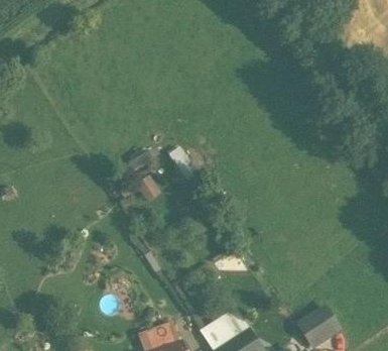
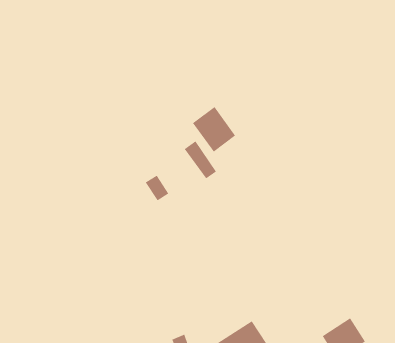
building: none -> [192,106,236,153]

